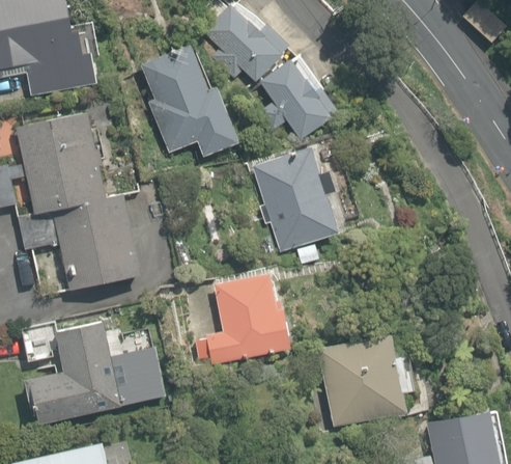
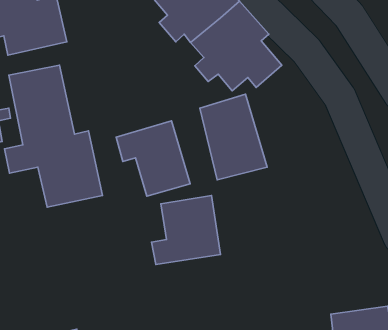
building: [141,46,240,161] -> none
building: none -> [116,121,190,196]
building: [19,319,157,425] -> none
building: [316,336,401,429] -> none

